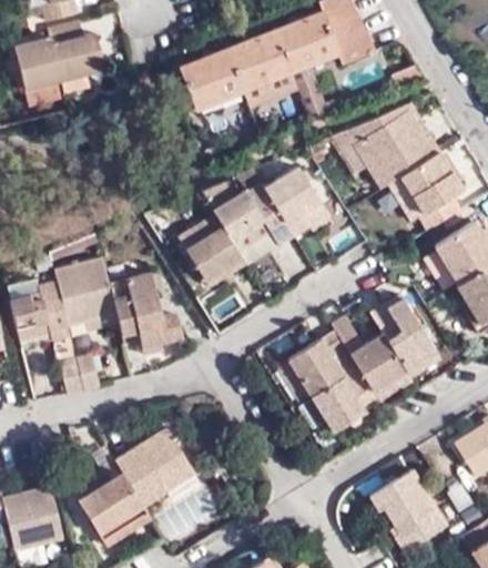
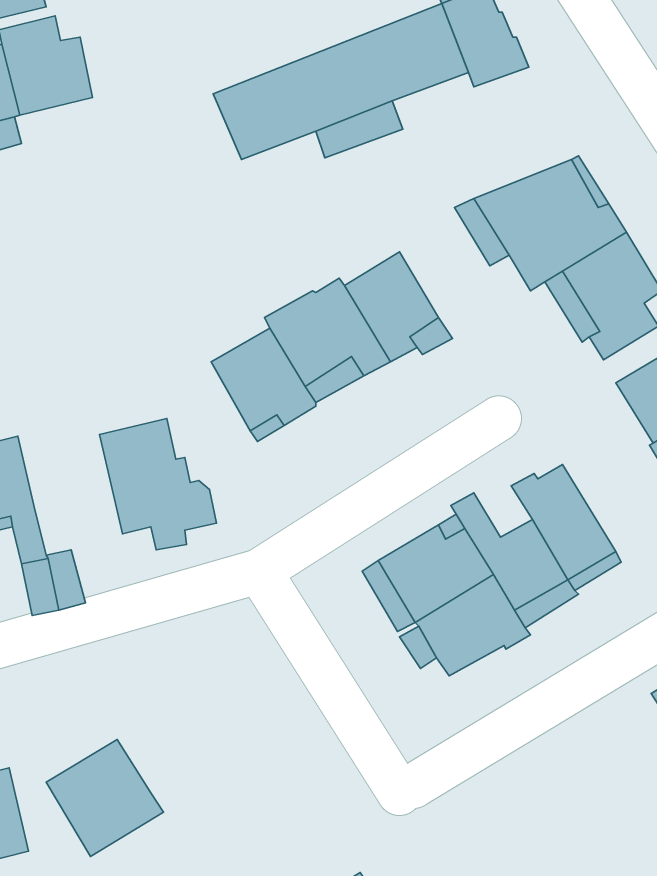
building: [54,256,120,331] -> none
building: [113,428,194,505] -> none
building: [370,469,446,550] -> none

